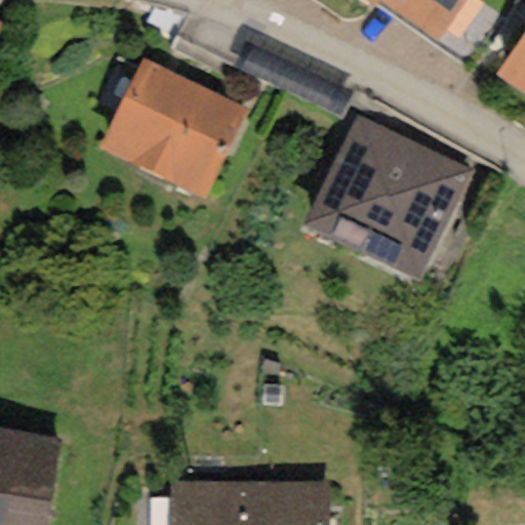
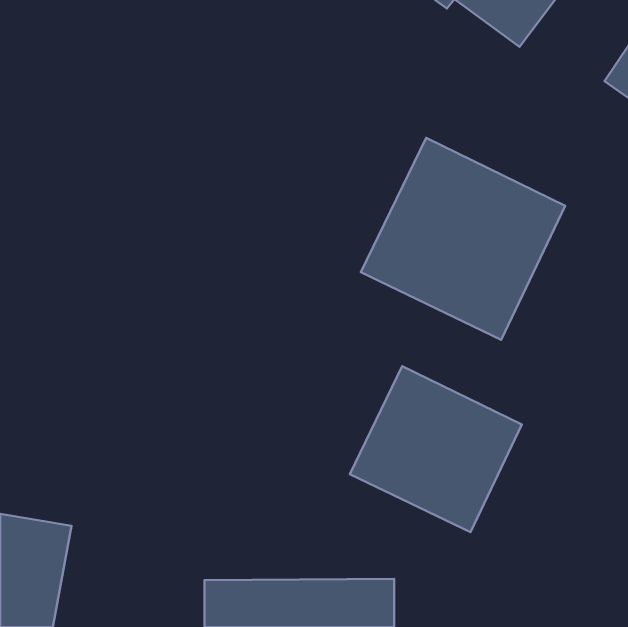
building: [98,57,246,197] -> none
building: none -> [350,366,522,532]

